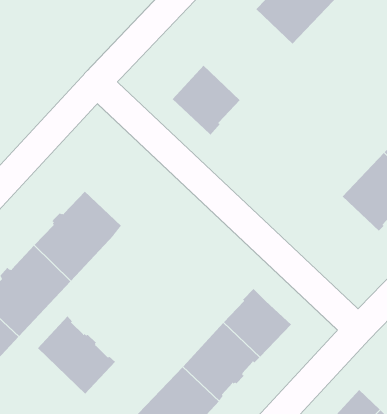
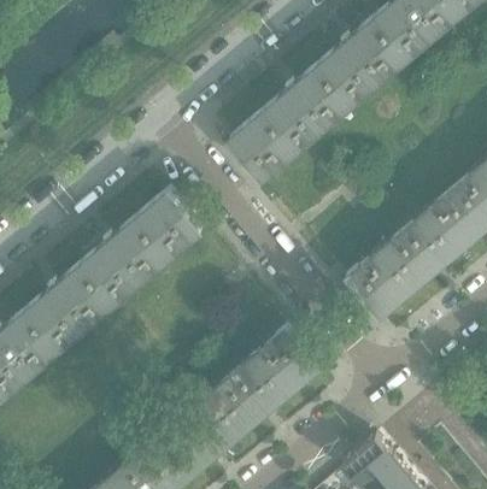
building: none -> [262,65,348,149]
building: none -> [135,190,201,255]
building: none -> [344,252,410,318]
building: [37,316,116,394] -> none

